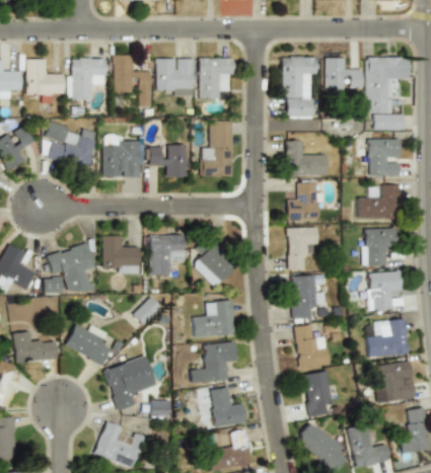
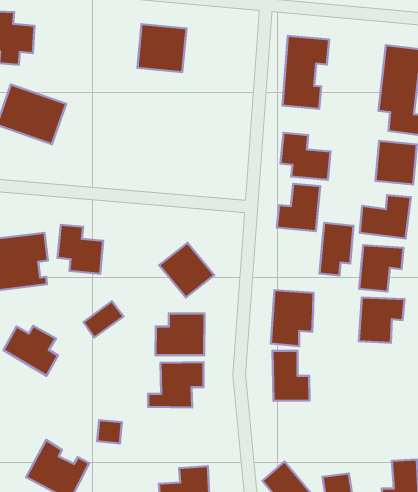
building: [114,55,151,106] -> none
building: [71,58,106,100] -> none
building: [199,58,235,99] -> none
building: [326,58,363,90] -> none
building: [202,121,233,176] -> none
building: [103,135,144,178] -> none
building: [149,145,188,177] -> none
building: [288,227,313,270] -> [319,223,354,275]
building: [150,235,186,277] -> none
building: [365,318,411,359] -> none
building: [105,357,157,411] -> none
building: [374,361,416,404] -> none
building: [301,370,336,417] -> none
building: [206,385,247,428] -> none

